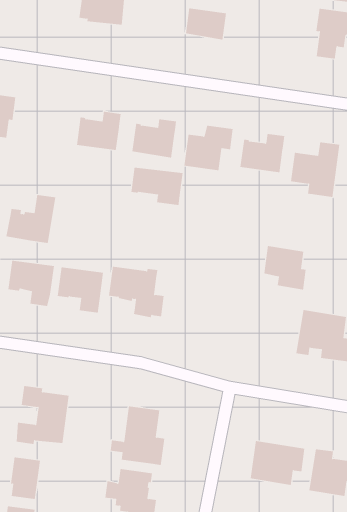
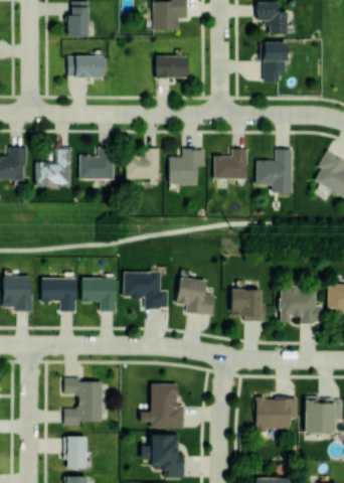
building: [131,167,183,206] -> none
building: [6,194,56,243] -> [35,148,71,186]
building: [263,245,307,290] -> [231,290,266,322]
building: none -> [176,278,215,315]

